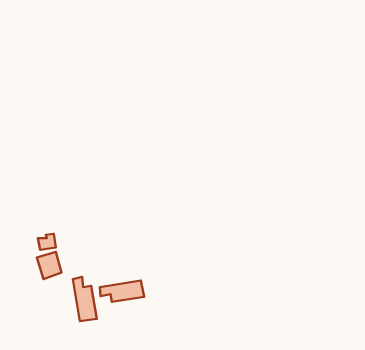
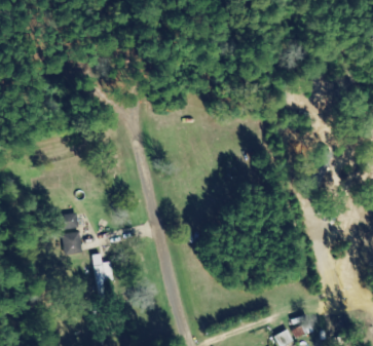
building: [100,280,144,302] -> none

